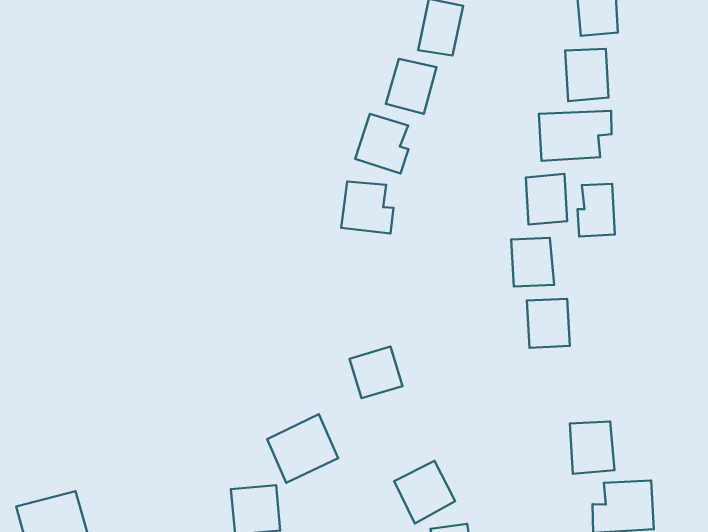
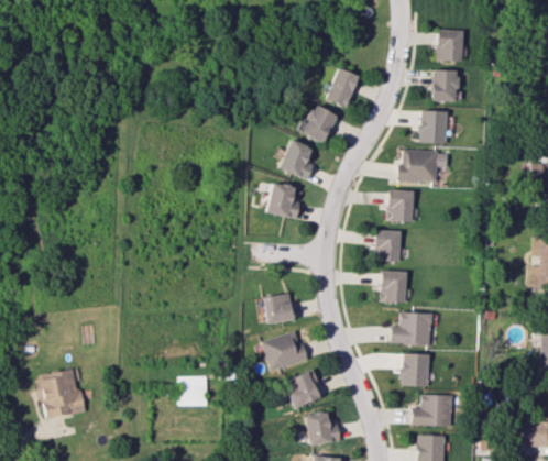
building: [577,184,615,237] -> none
building: none -> [391,312,431,344]
building: [267,414,338,483] -> [262,329,307,372]

